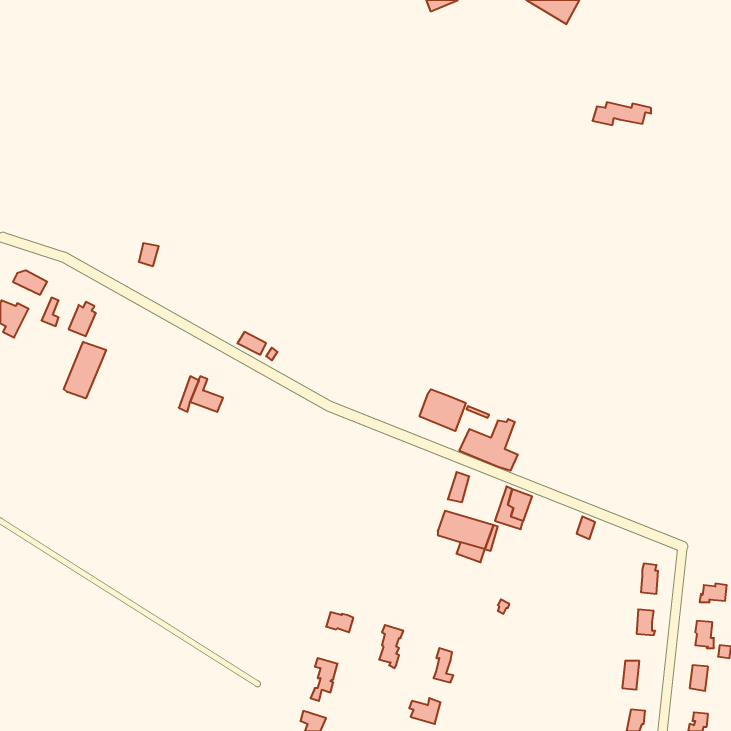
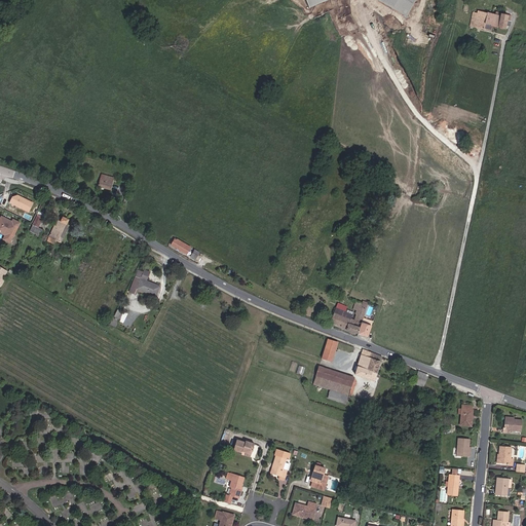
building: [592,102,651,125] -> [468,11,511,28]
building: [64,342,106,398] -> none
building: [420,389,466,431] -> none

